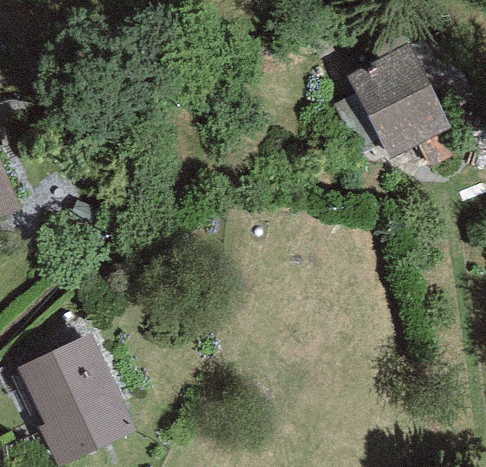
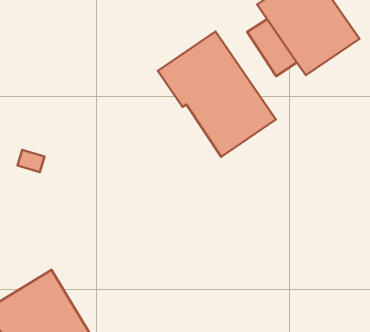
building: none -> [158,32,276,157]

